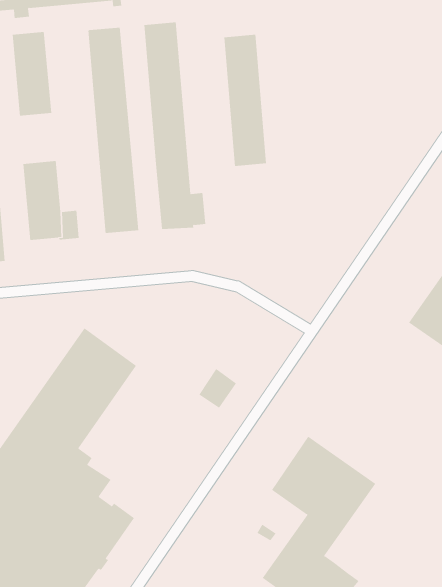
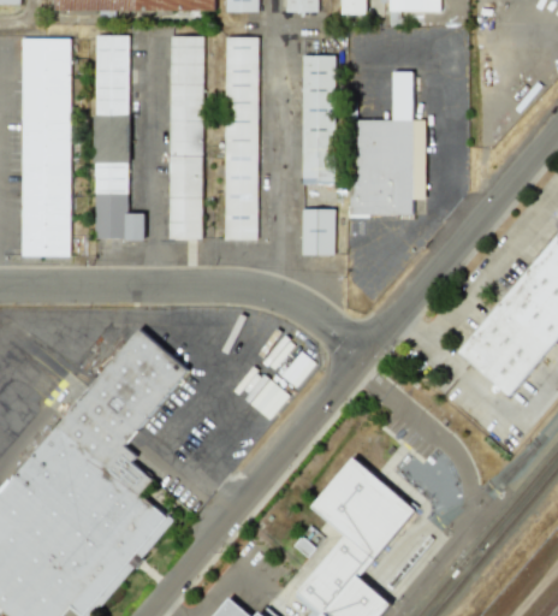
building: none -> [348,72,426,218]
building: none -> [94,116,130,162]
building: none -> [302,208,334,255]

